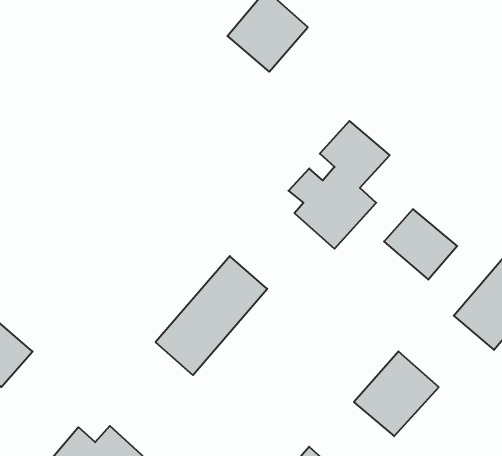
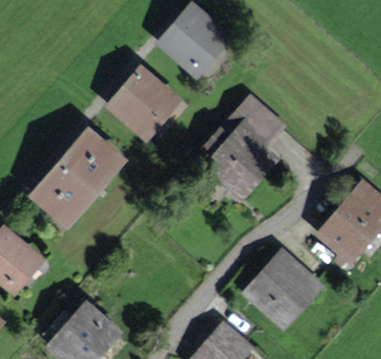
building: none -> [117,74,172,130]
building: [384,209,457,280] -> none
building: [156,256,267,375] -> [41,136,117,217]

